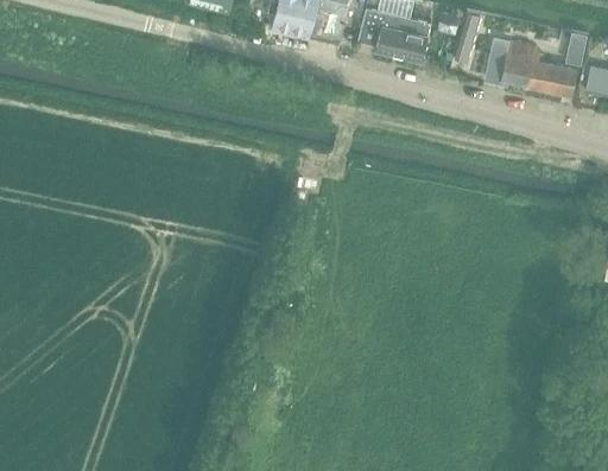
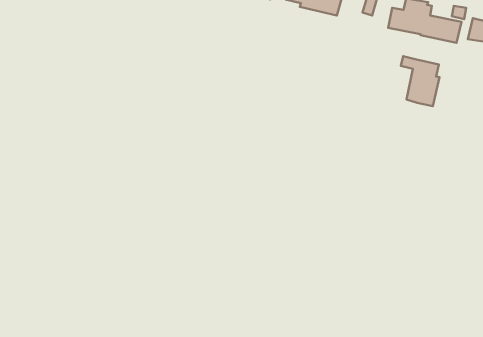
building: none -> [401,56,440,106]

